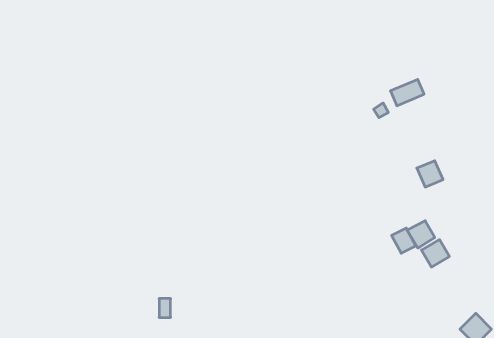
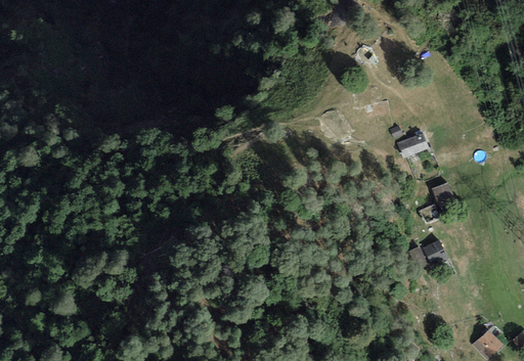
building: [390,79,424,106] -> [396,132,429,157]
building: [421,240,449,267] -> none

